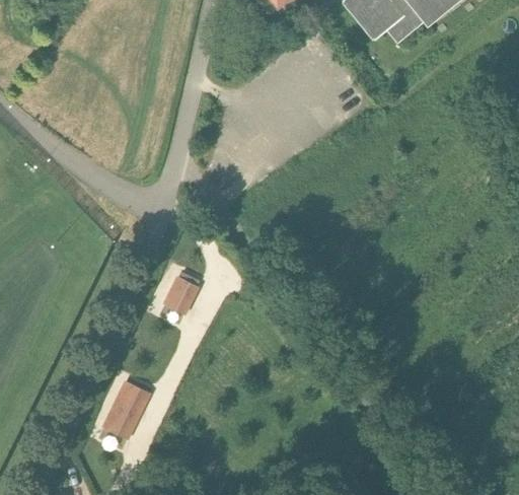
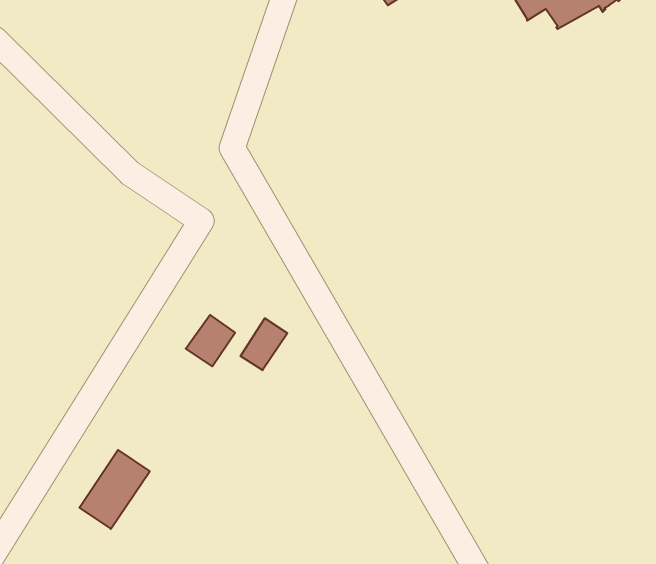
building: none -> [241,318,287,370]

